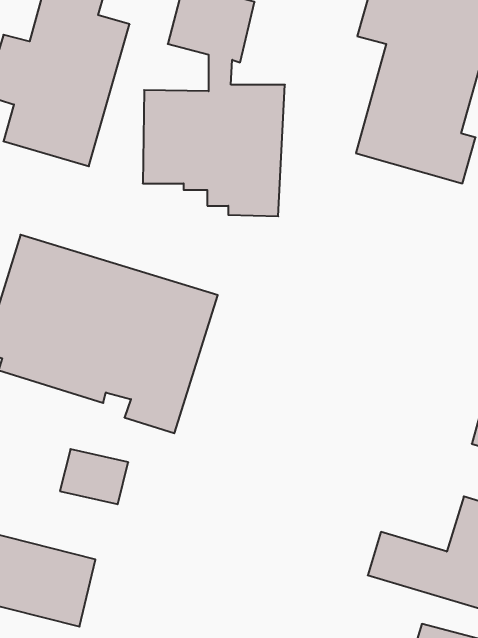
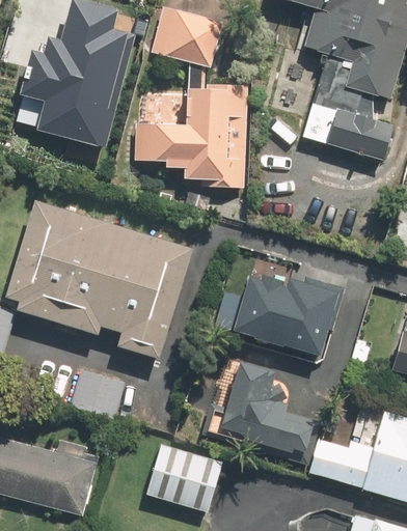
building: none -> [237,280,340,355]
building: none -> [222,364,316,451]
building: none -> [145,445,224,511]

